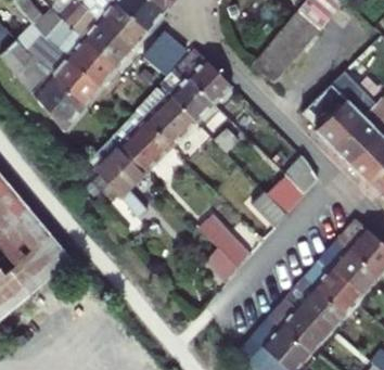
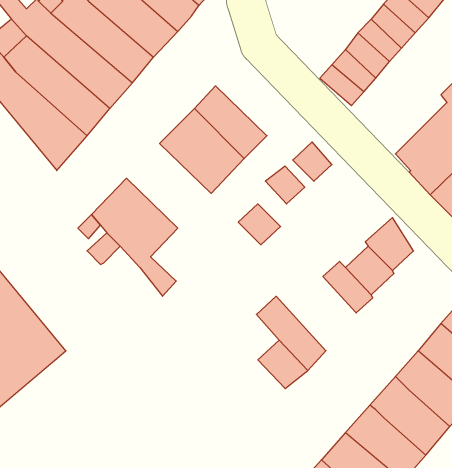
building: [142,26,190,75] -> none
building: [177,49,232,104] -> none
building: [113,110,174,170] -> none

